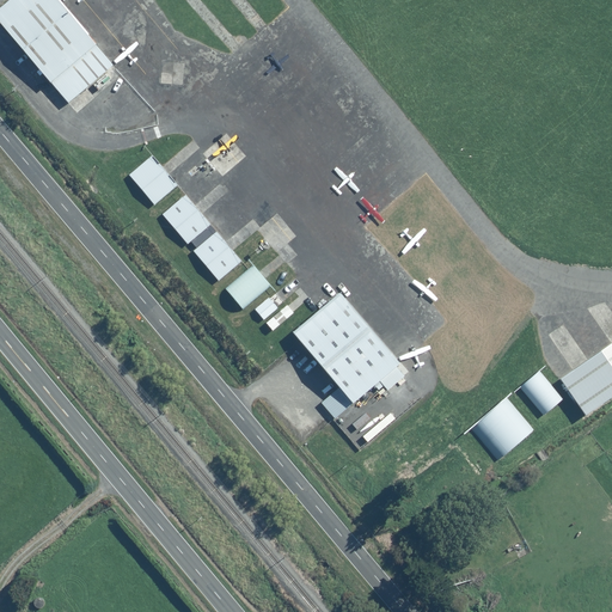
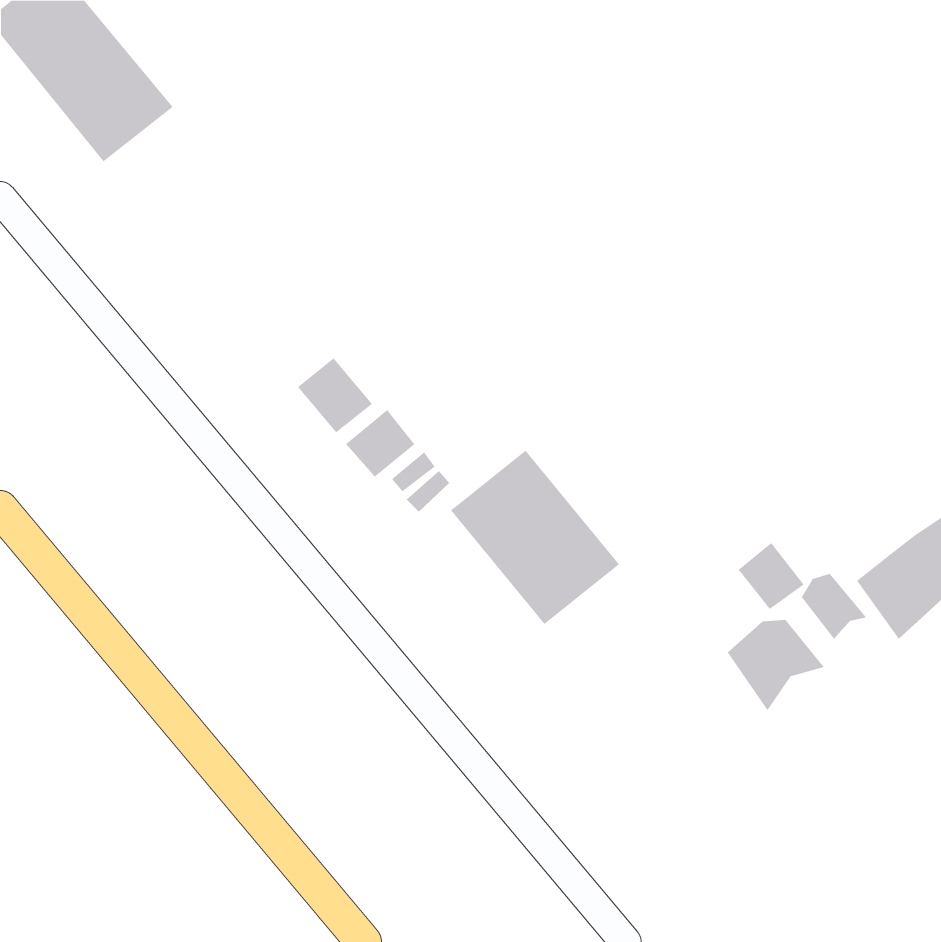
building: [129,157,177,207] -> none
building: [161,195,212,245] -> none
building: none -> [738,542,805,610]

